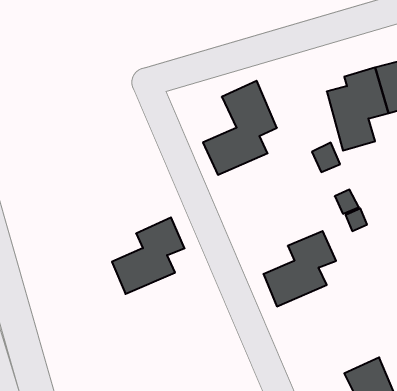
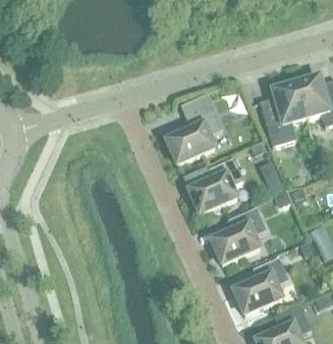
building: [112,217,185,294] -> [189,155,244,213]
building: none -> [234,256,288,313]

